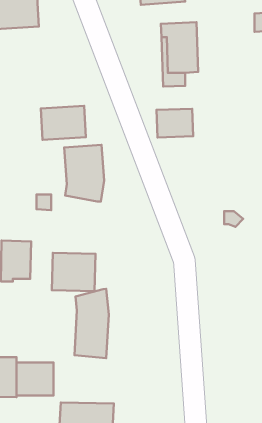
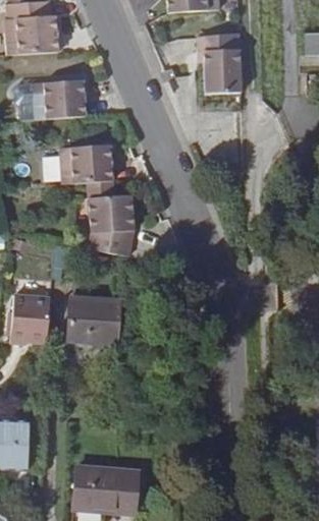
building: none -> [30,68,83,109]
building: [156,109,193,137] -> none
building: [74,289,109,358] -> none
building: [16,363,54,395] -> none

